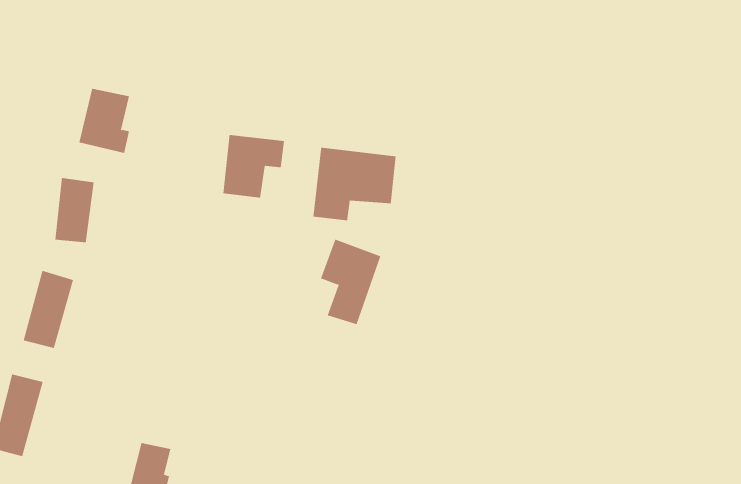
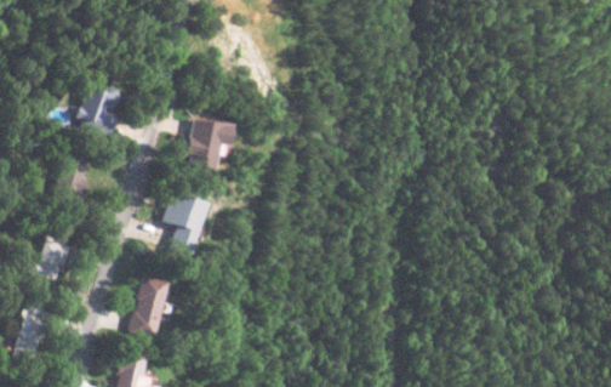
building: [313,147,396,221] -> none
building: [320,239,381,325] -> [164,189,210,255]
building: none -> [135,277,166,337]

